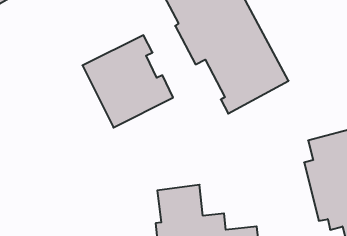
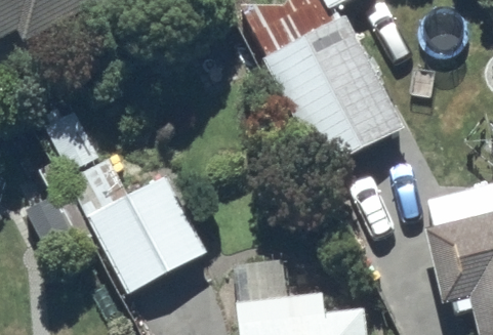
building: [82,35,173,128] -> [88,175,202,291]

